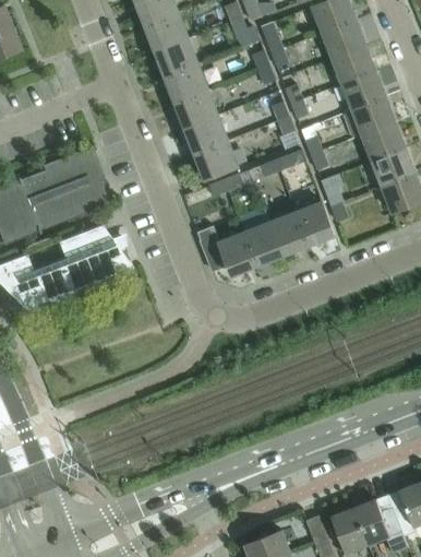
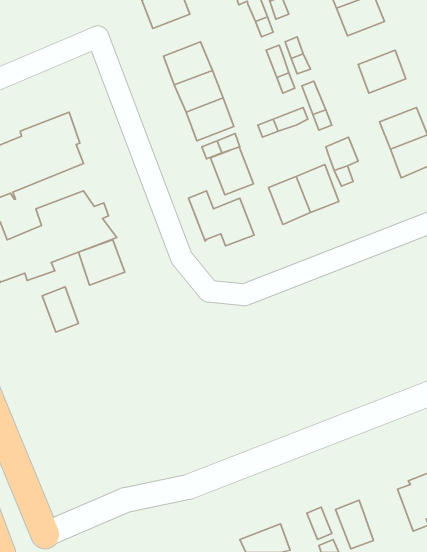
building: [165,63,208,102] -> none
building: [342,70,386,109] -> none
building: [362,122,406,162] -> none
building: [244,222,284,265] -> [211,147,254,195]
building: none -> [78,240,125,285]
building: none -> [42,287,79,332]
building: [353,498,402,545] -> none

